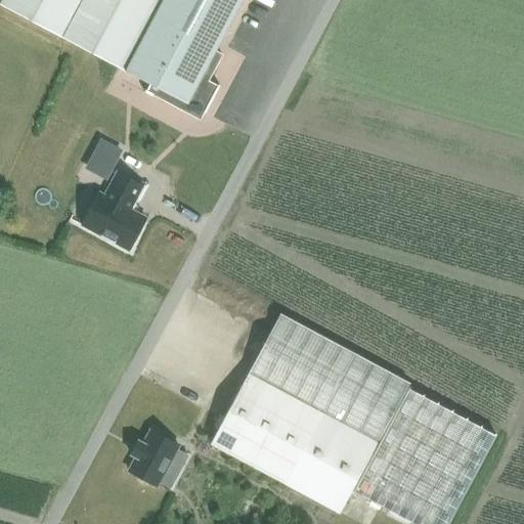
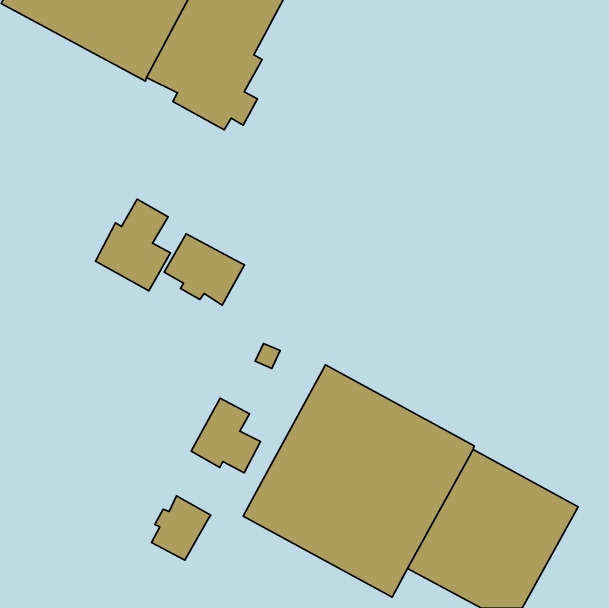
building: [89,138,119,171] -> none
building: none -> [164,234,245,305]
building: none -> [191,398,260,473]

